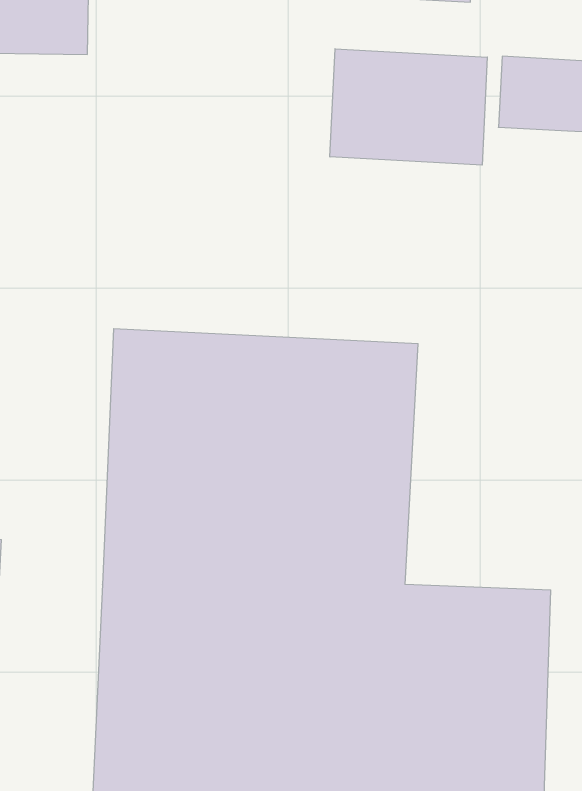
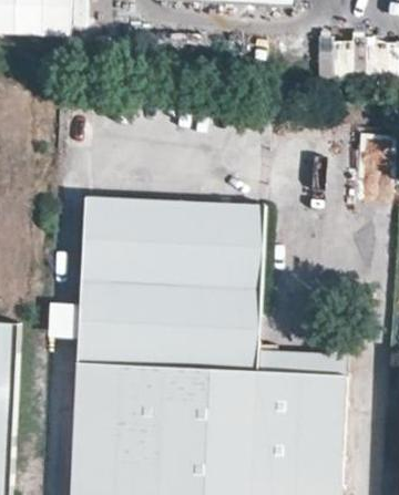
building: [330,49,487,165] -> none

